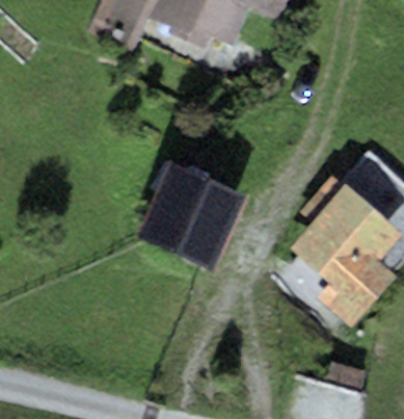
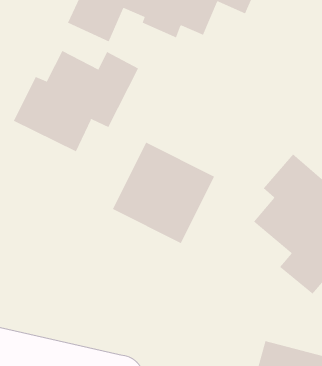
building: none -> [13,50,139,152]

